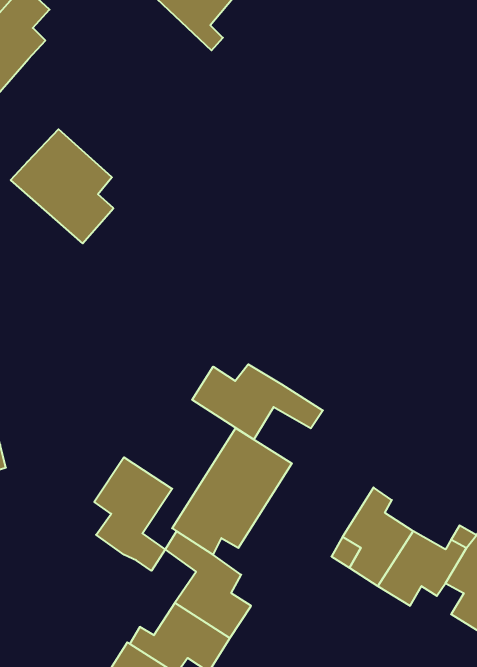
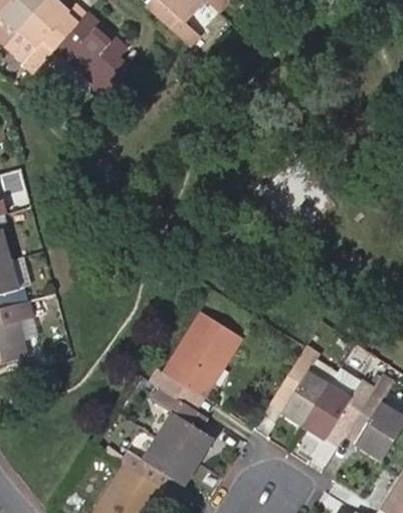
building: [11,129,113,243] -> [54,11,128,93]
building: [192,364,323,440] -> none
building: [94,457,172,571] -> none

